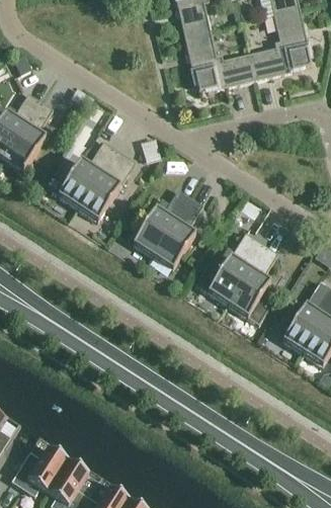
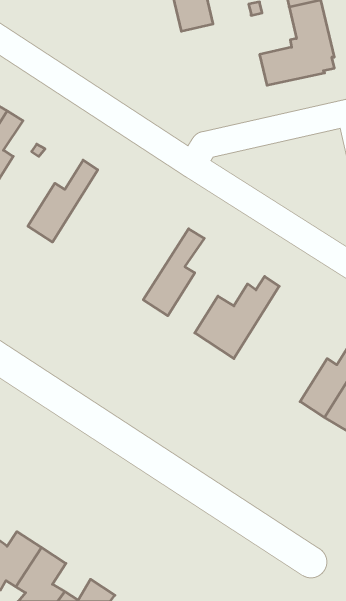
building: [183,27,254,89] -> none
building: [77,148,129,220] -> none
building: [132,188,189,255] -> none
building: [227,244,277,324] -> none

